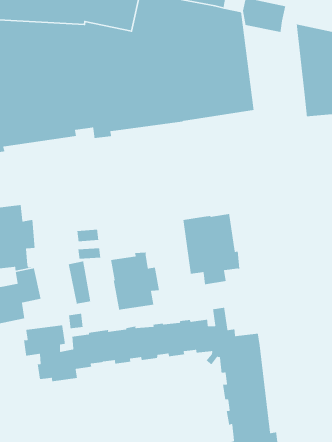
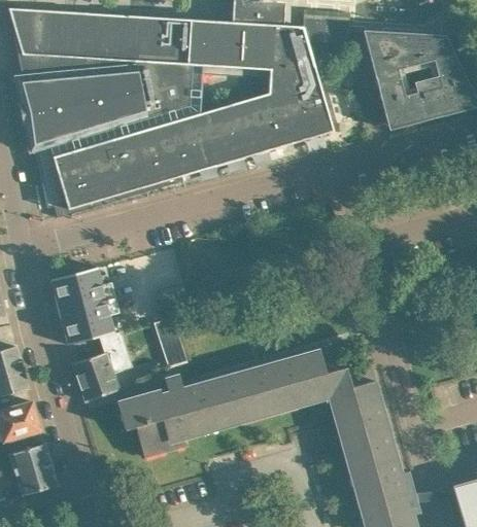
building: [182,213,241,285] -> none
building: [110,251,160,310] -> none

